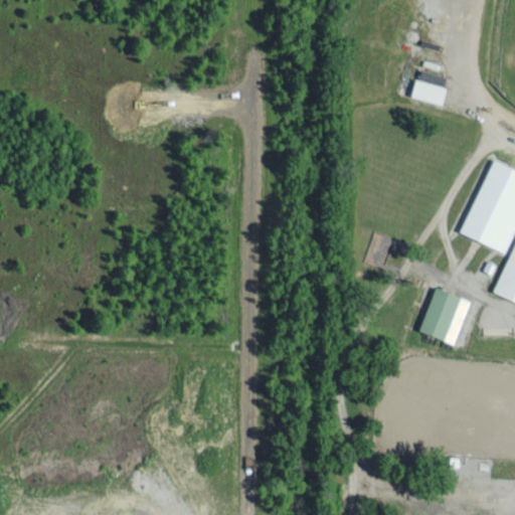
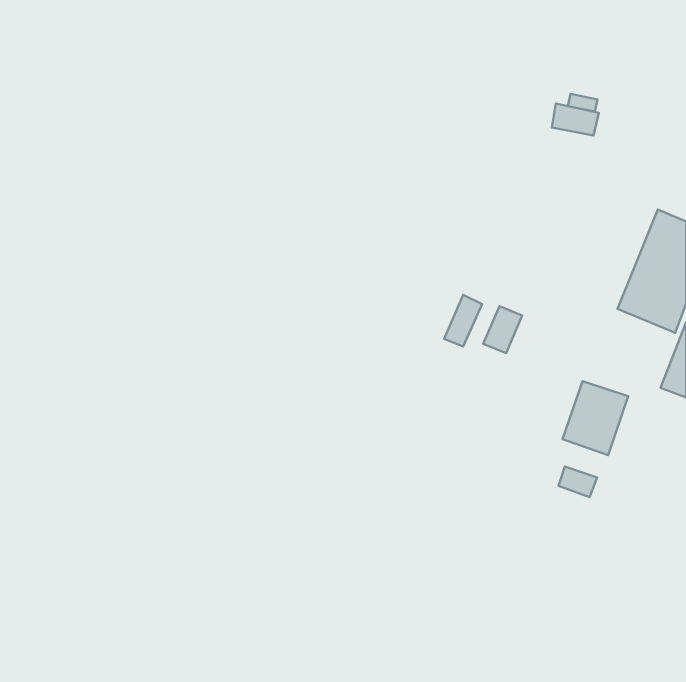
building: none -> [444,295,482,346]
building: none -> [559,466,597,497]

